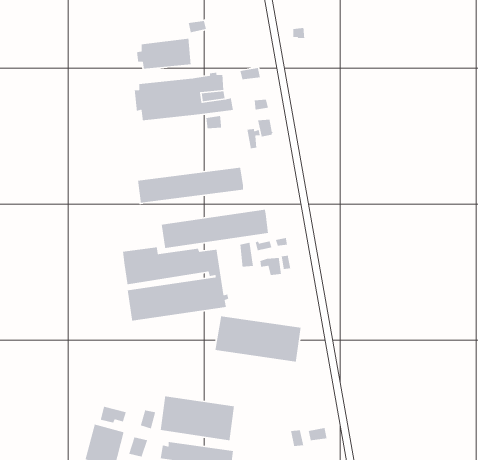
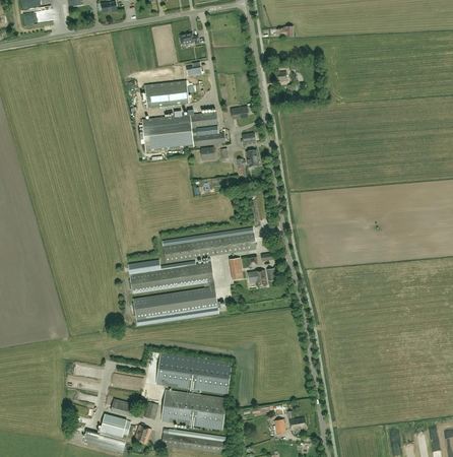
building: [137,167,244,204] -> none
building: [214,315,301,362] -> [155,352,231,393]

